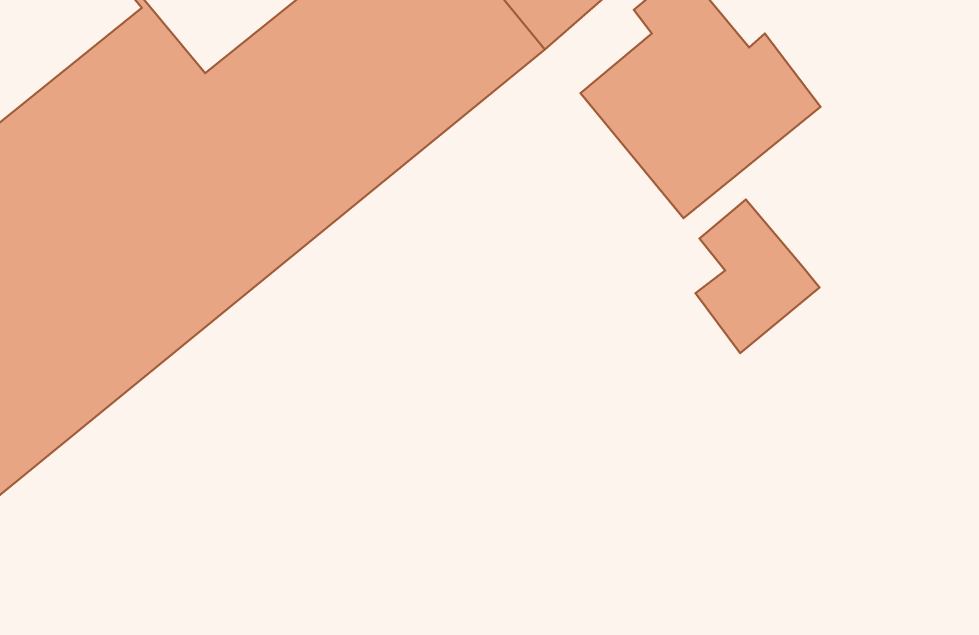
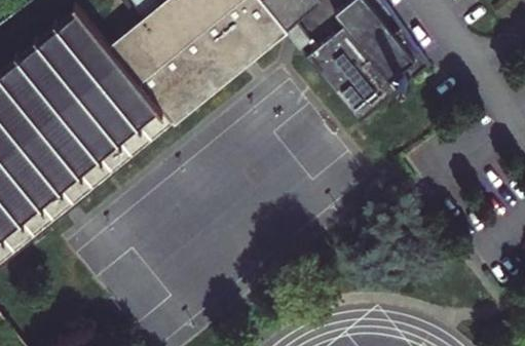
building: [696,200,820,353] -> none

